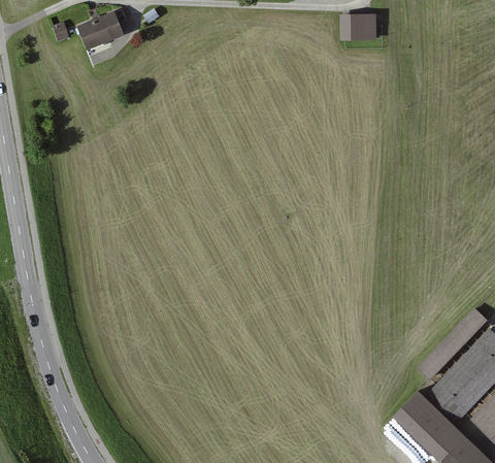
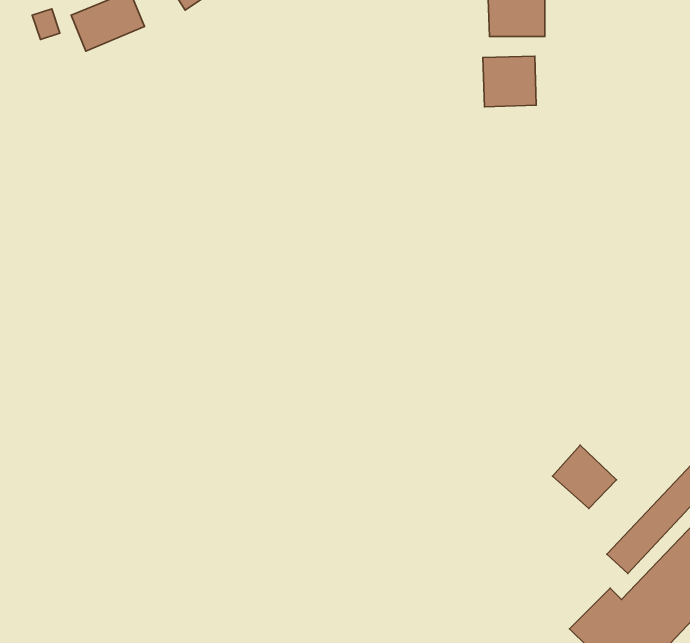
building: none -> [483,56,536,107]
building: none -> [552,445,617,508]

